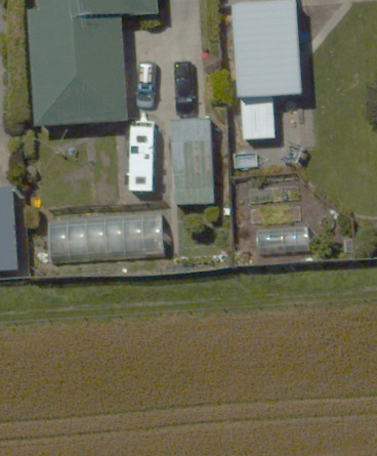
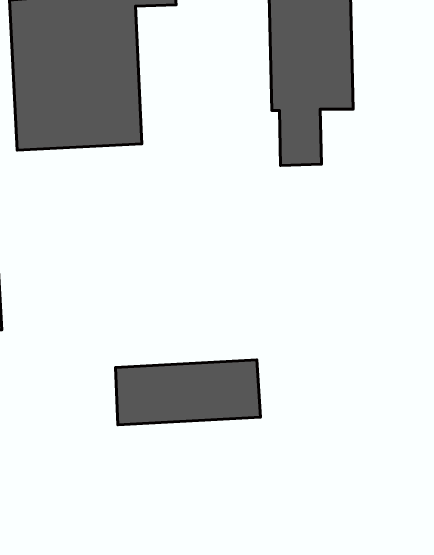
building: [167,112,219,202] -> none
building: [47,213,164,265] -> [115,360,261,425]

